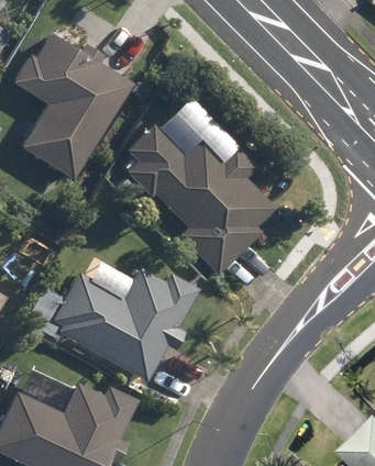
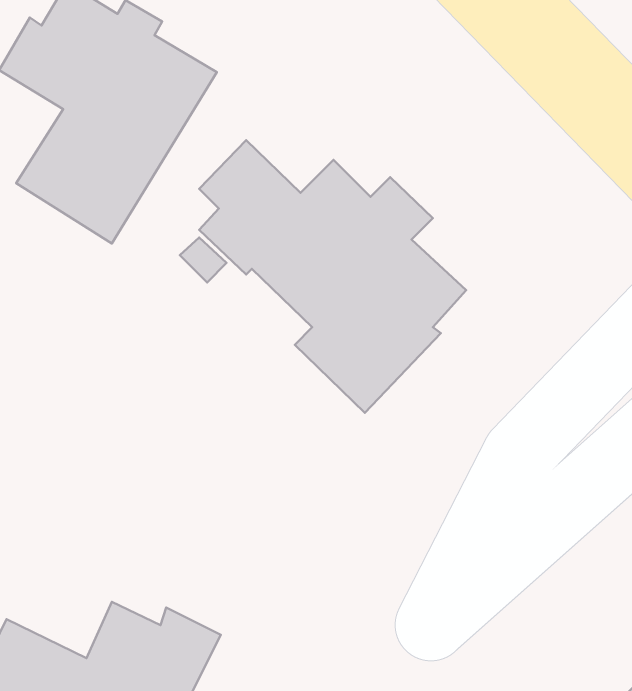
building: [20,266,200,380] -> none

